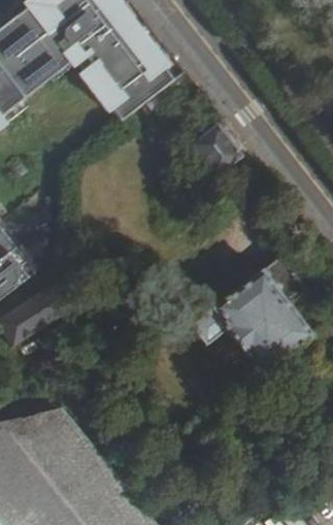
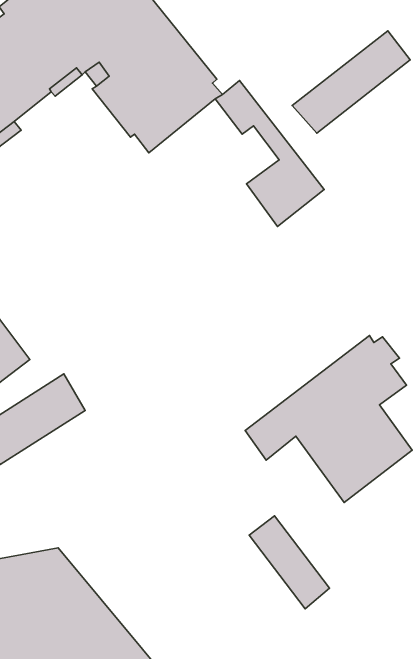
building: none -> [292,31,410,133]
building: none -> [249,516,330,609]

